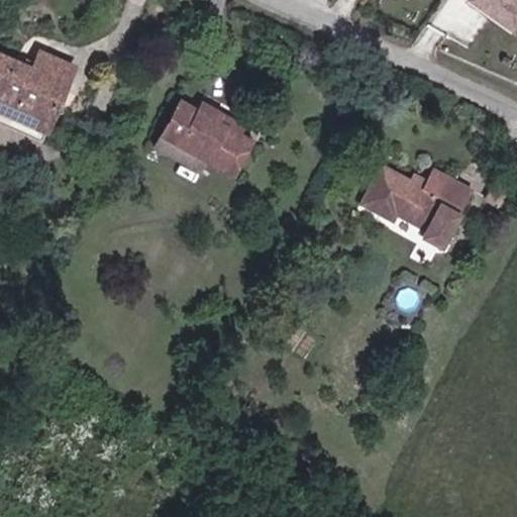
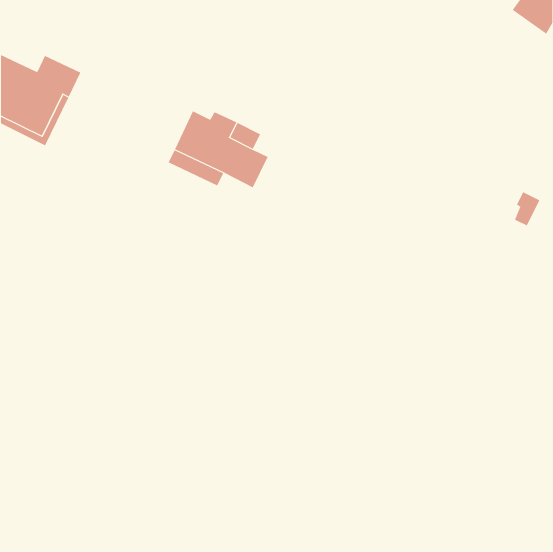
building: [367,164,473,242] -> none

